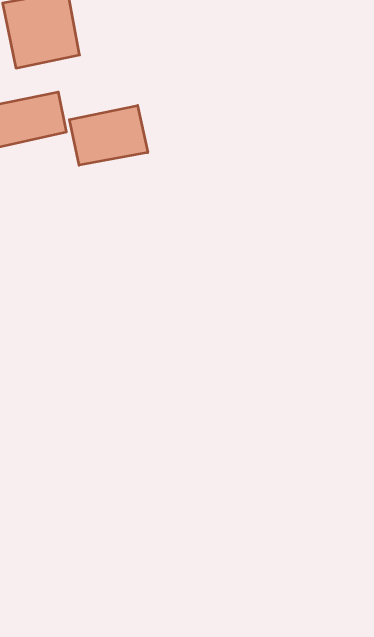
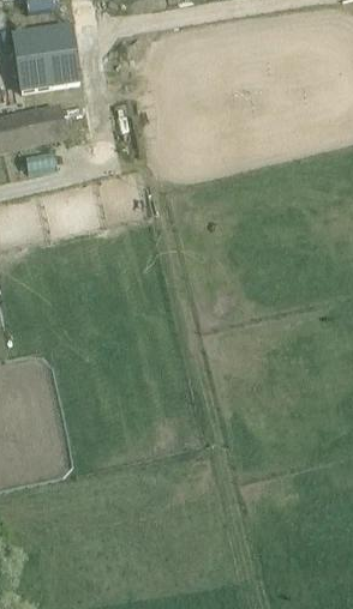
building: [69,105,148,165] -> none

